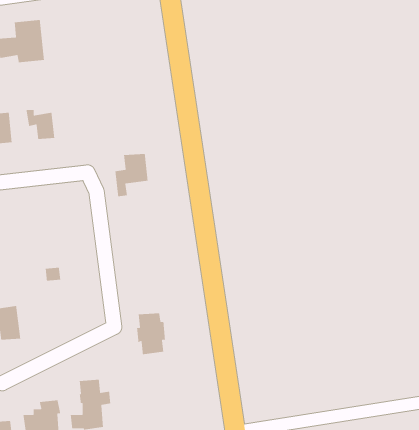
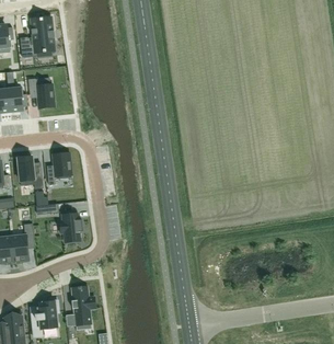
building: [114,153,148,197] -> [48,153,73,186]
building: none -> [19,157,45,190]
building: [136,312,166,355] -> [61,210,83,242]

